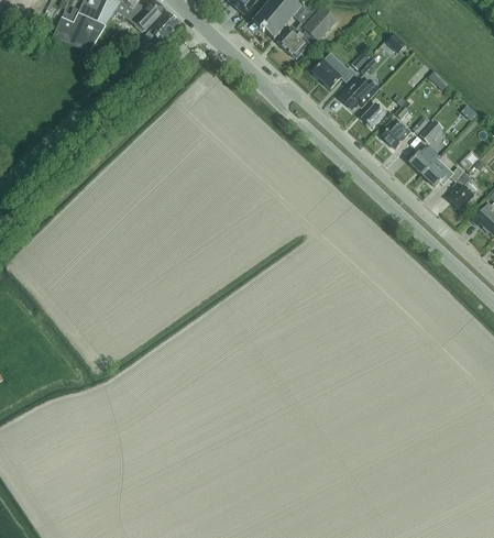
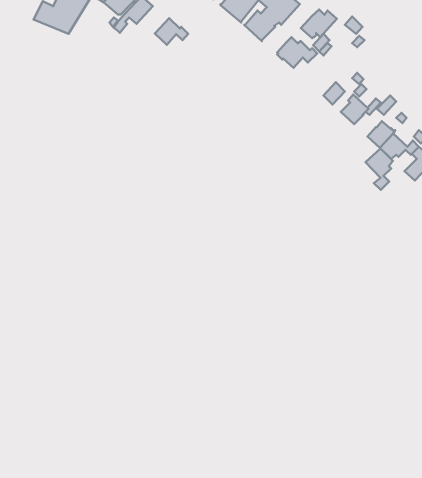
building: none -> [155,18,188,45]
building: [340,77,378,108] -> [301,10,337,38]
building: none -> [366,148,393,190]

